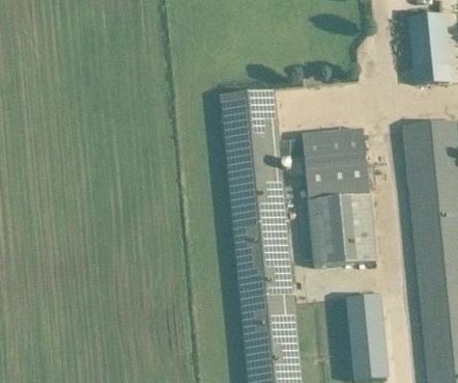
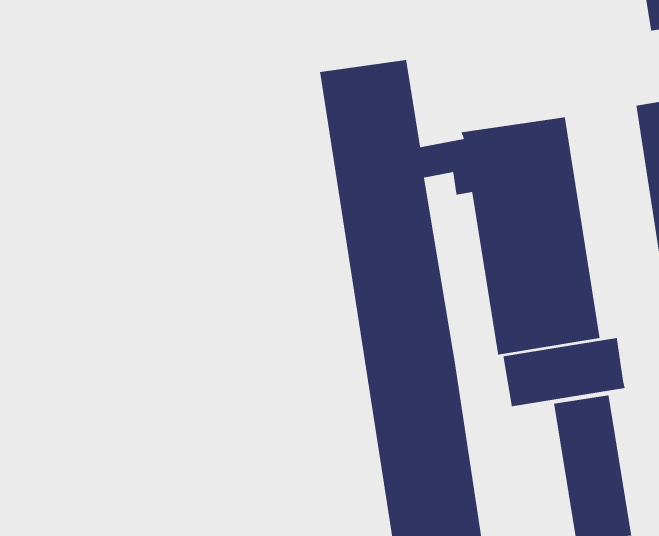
building: none -> [503,337,626,407]

